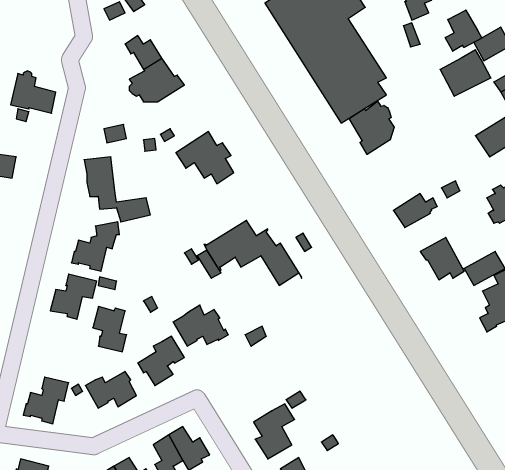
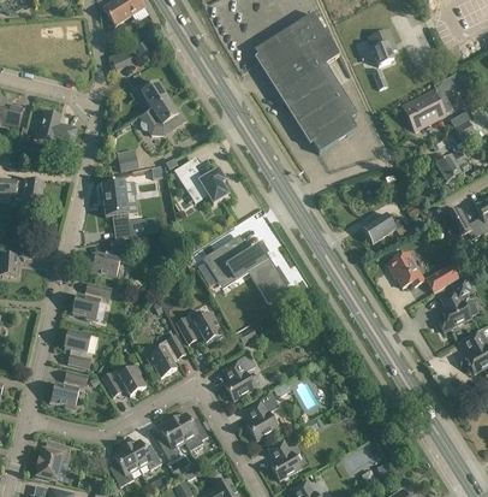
building: [445,10,482,51] -> none
building: [349,101,394,154] -> none
building: [93,307,127,352] -> [64,329,93,367]
building: none -> [222,353,255,400]

